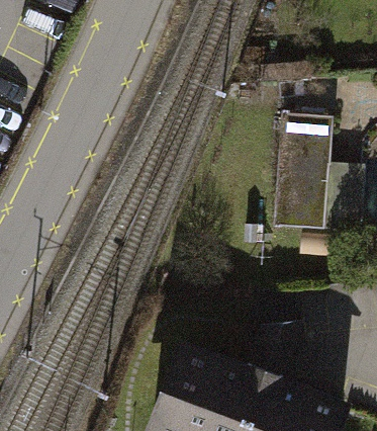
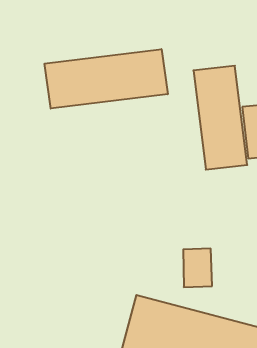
building: none -> [45,49,168,109]

